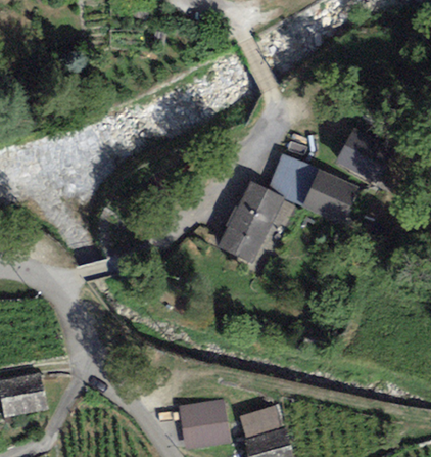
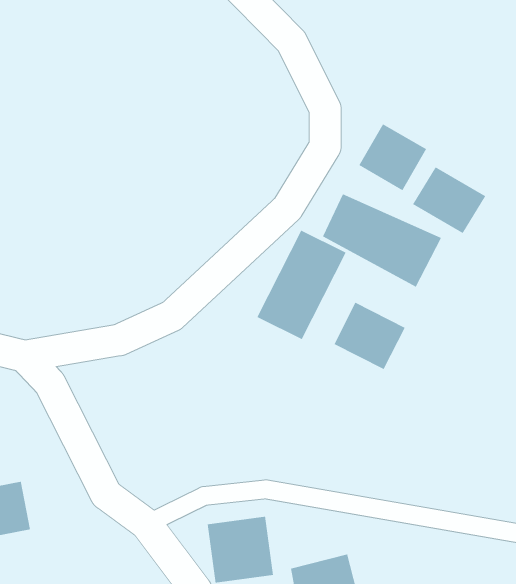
building: none -> [358,123,427,191]
building: none -> [334,302,405,370]
building: [240,405,281,437] -> none

